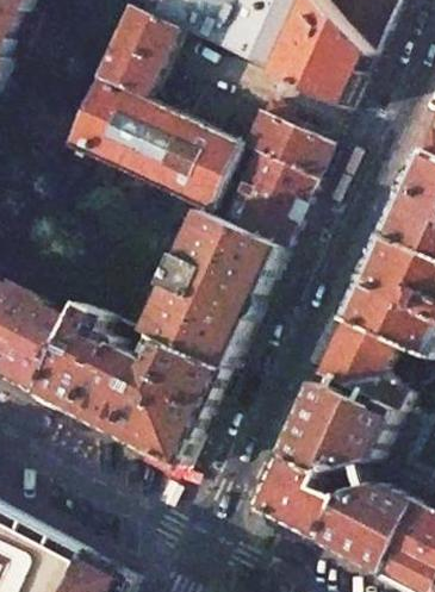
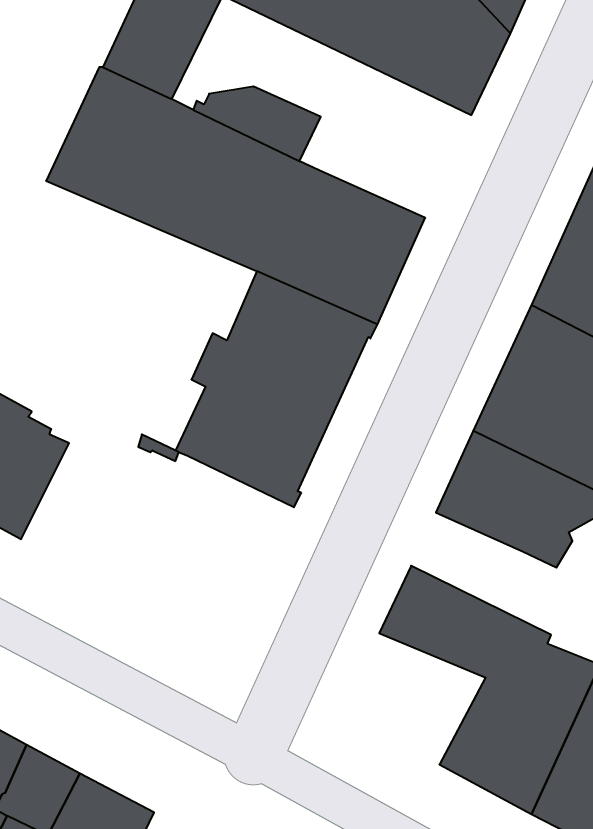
building: [237,98,324,175] -> none
building: [36,304,220,466] -> none
building: [299,380,406,455] -> none
building: [254,454,349,542] -> none

